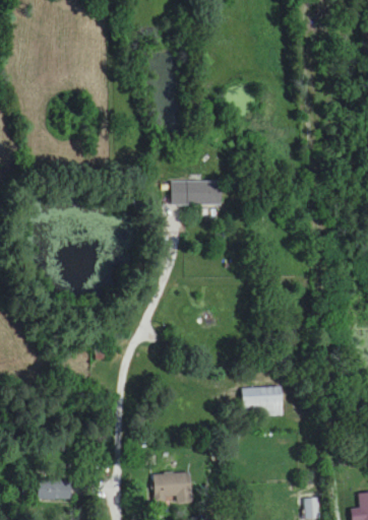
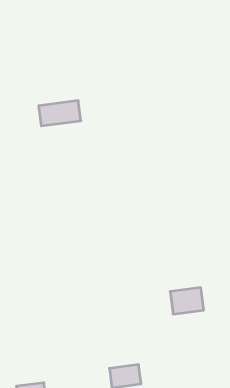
building: [171,180,221,205] -> [39,101,81,126]

